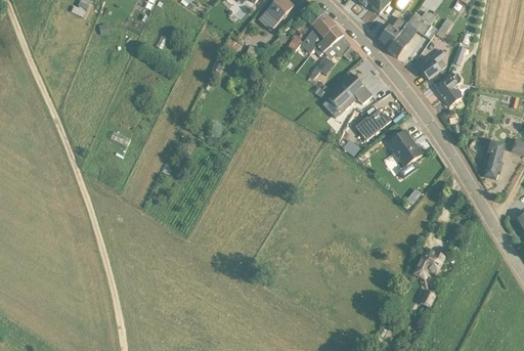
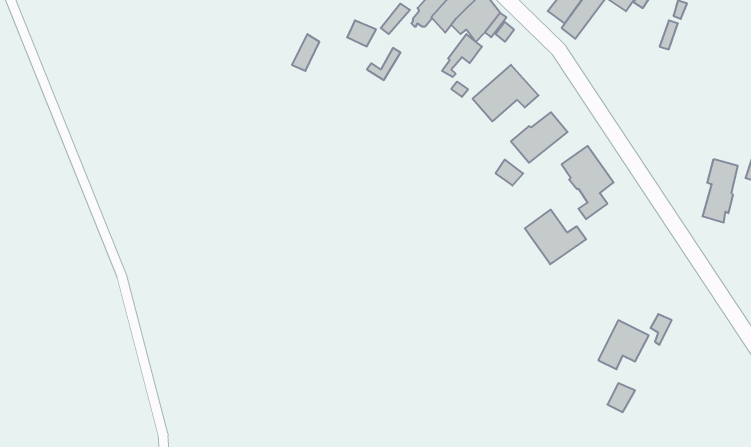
building: [418,49,446,80] -> none
building: [436,73,462,105] -> none
building: none -> [525,210,586,264]

